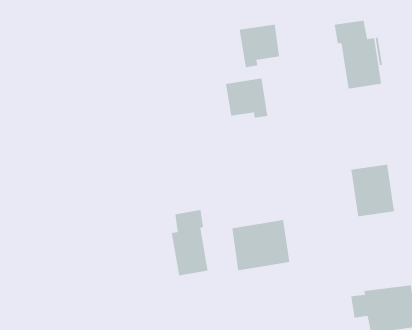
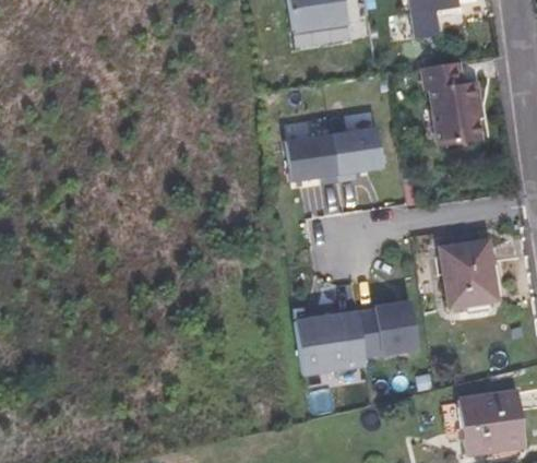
building: [239,24,280,68] -> [332,127,383,181]
building: [171,209,208,276] -> none
building: none -> [374,300,418,354]

